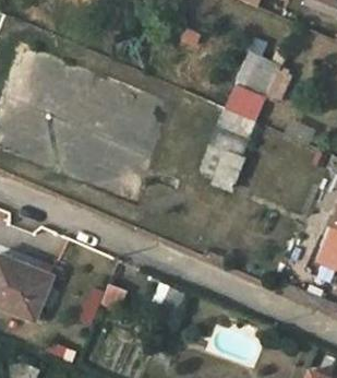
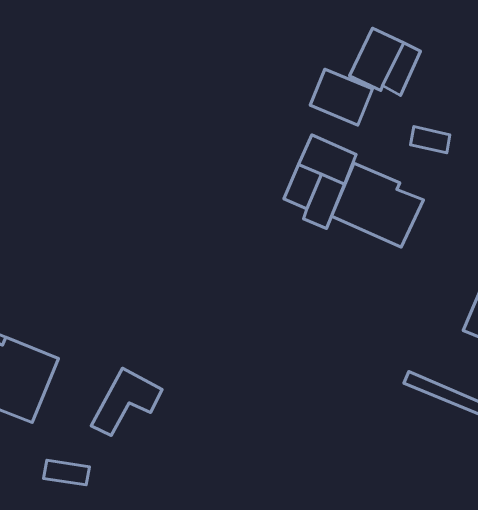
building: none -> [332,163,424,247]

